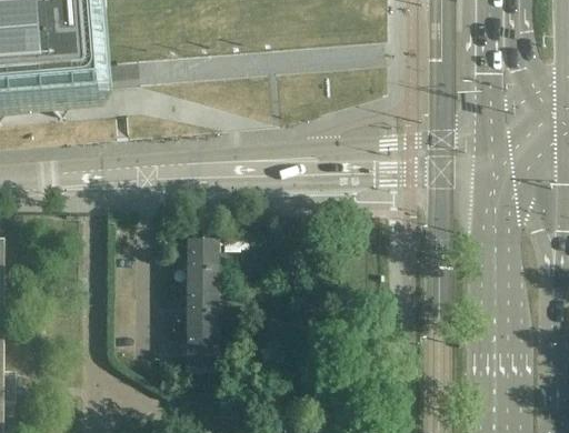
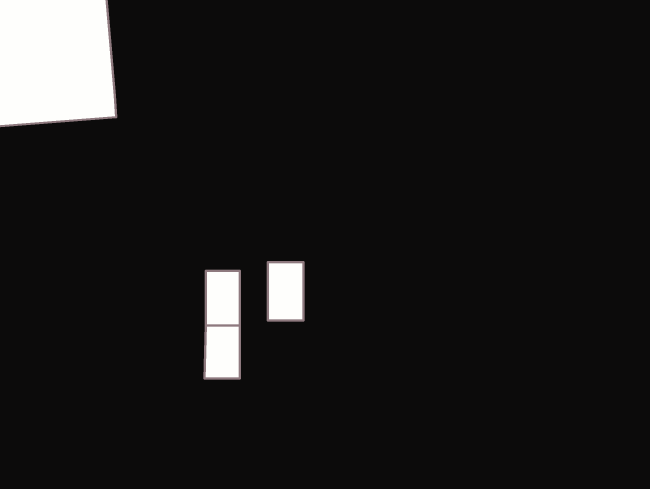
building: none -> [268,262,304,320]
building: [183,315,212,359] -> none

